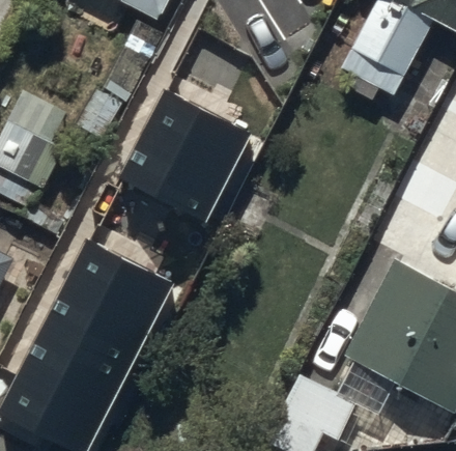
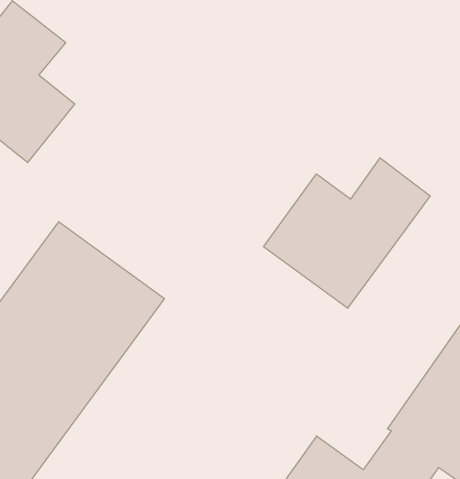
building: [121,96,248,225] -> none
building: none -> [264,158,430,308]

